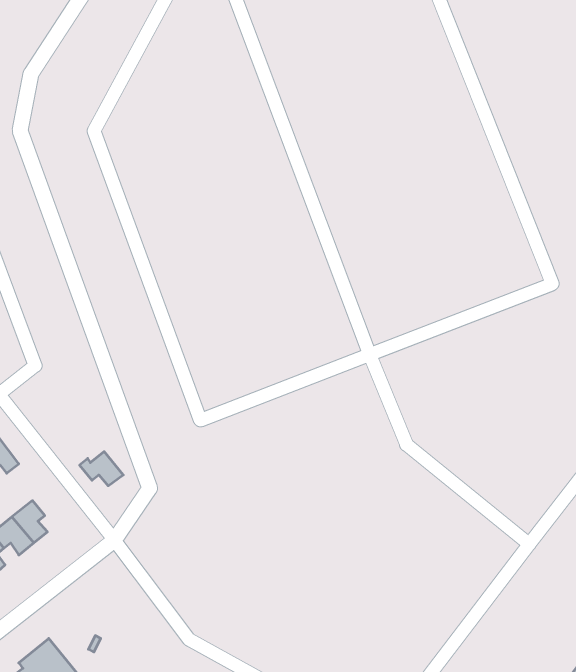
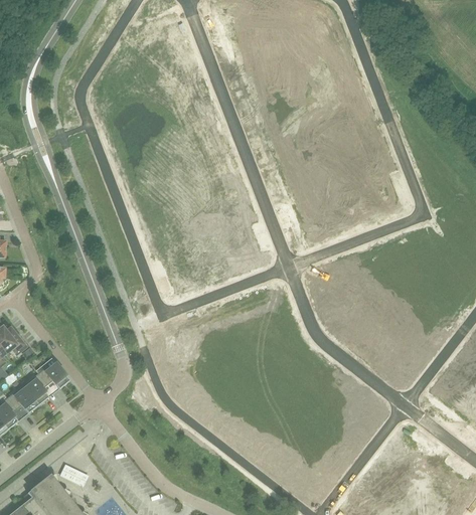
building: [80,452,123,486] -> [37,364,69,389]

